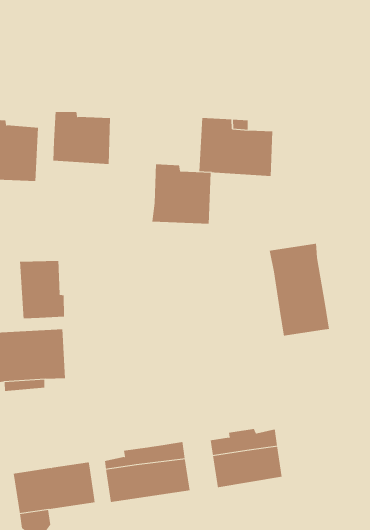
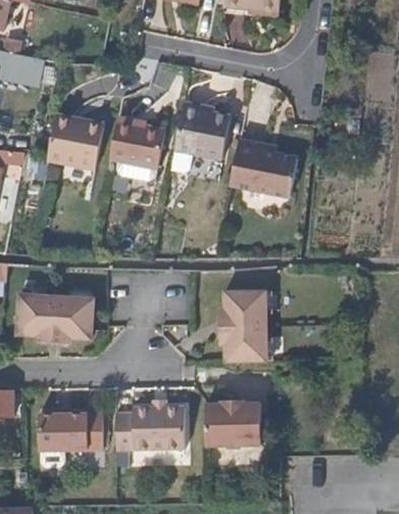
building: [152,164,211,224] -> [174,100,231,157]
building: [269,243,330,336] -> [225,290,265,364]
building: [20,260,65,319] -> none

